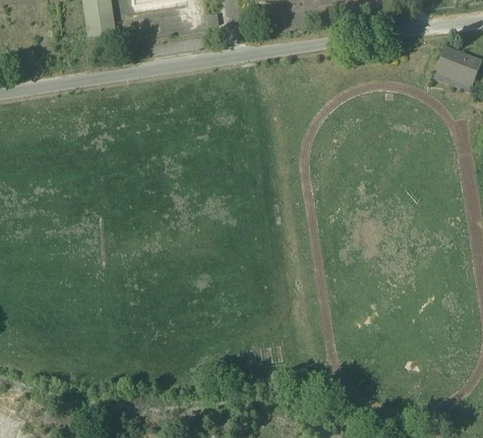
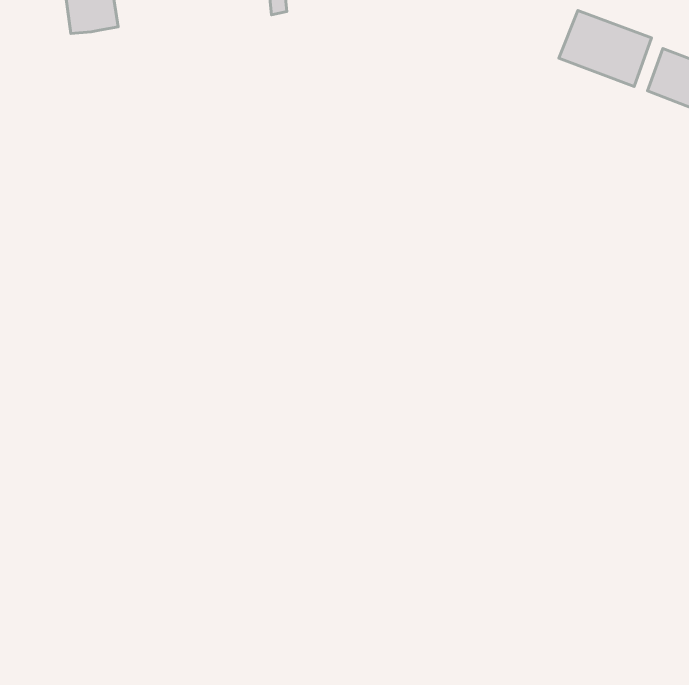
building: none -> [559,11,651,87]

